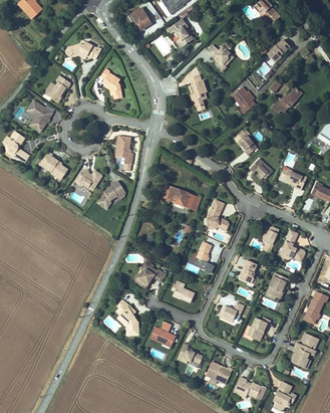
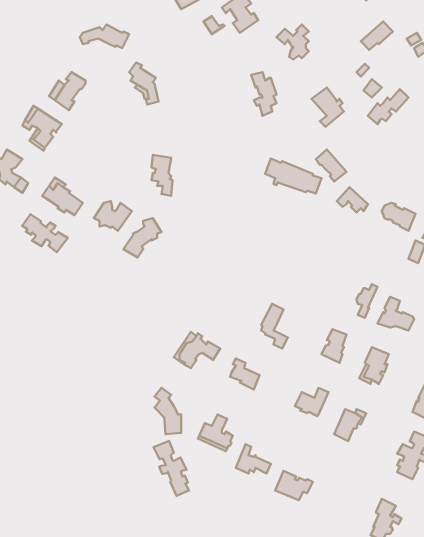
building: none -> [22,214,68,252]
building: [160,184,201,209] -> [265,159,321,194]
building: [208,199,229,230] -> none
building: none -> [153,441,189,496]
building: [235,376,267,399] -> none

